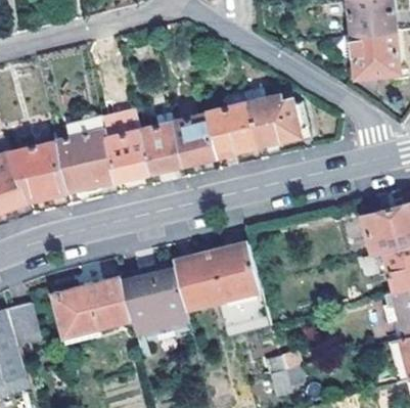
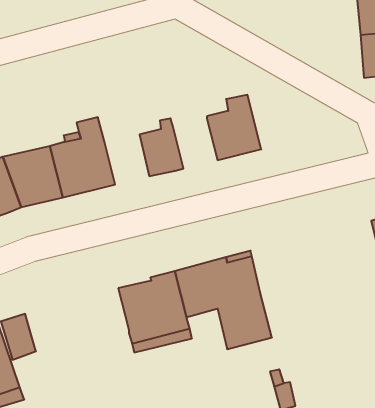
building: [244,90,302,146] -> none
building: [173,117,216,165] -> none
building: [107,122,150,180] -> none
building: [57,276,131,336] -> none

